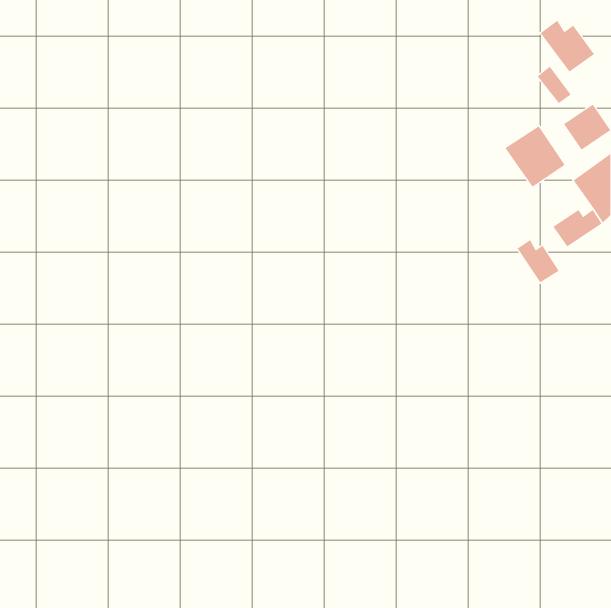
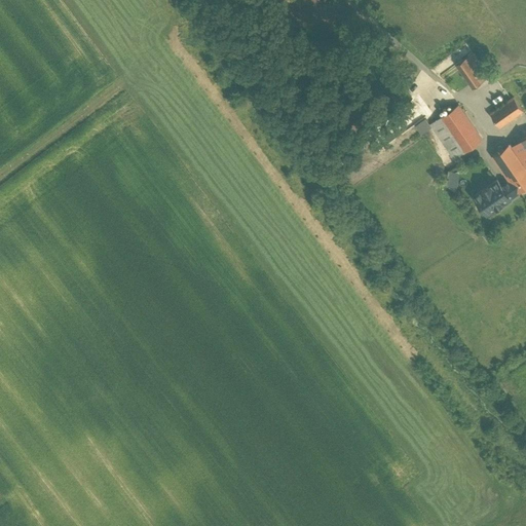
building: [540,20,595,72] -> none
building: [517,239,560,283] -> none

